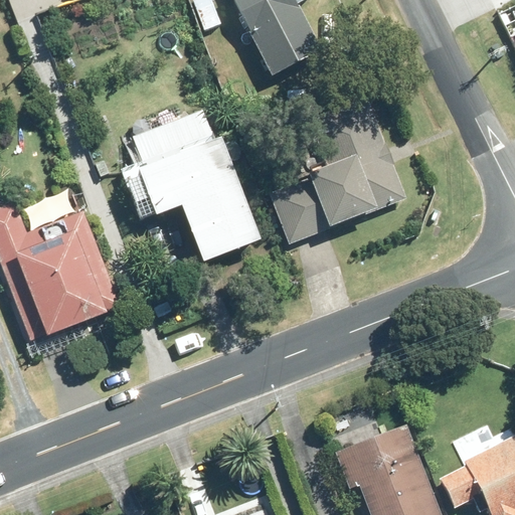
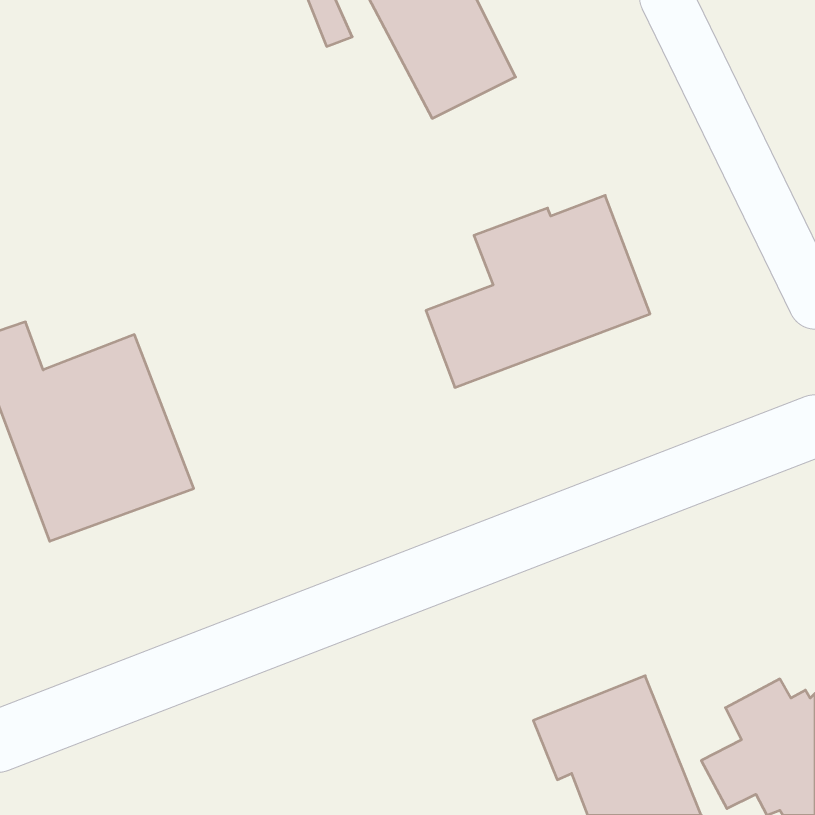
building: [121,109,263,263] -> none

